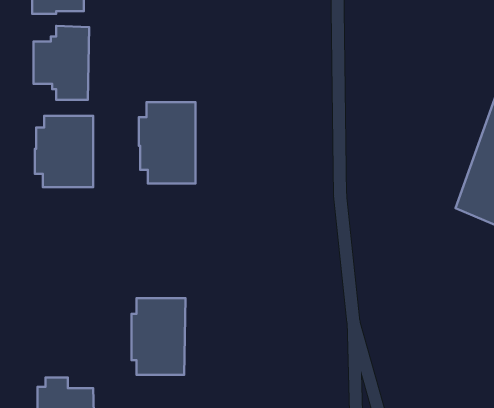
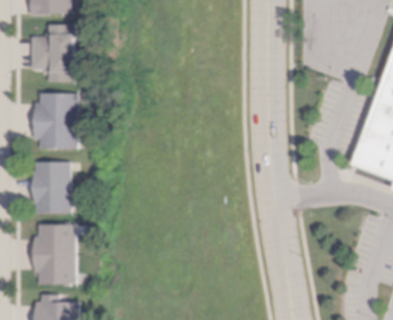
building: [139,102,195,184] -> none
building: none -> [34,161,70,211]
building: [131,298,186,375] -> [34,223,75,282]

